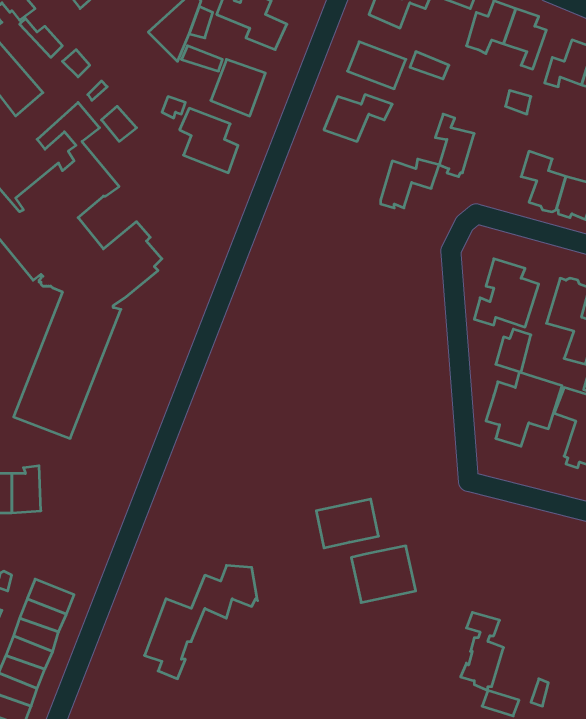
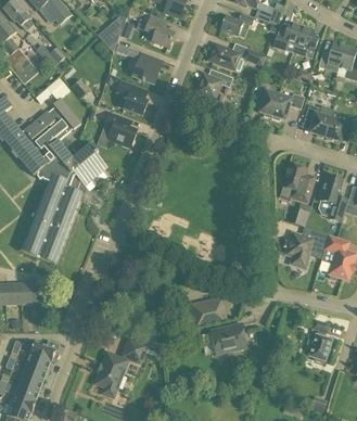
building: [381,159,439,208] -> [271,92,304,119]
building: none -> [102,110,136,146]
building: [461,612,504,691] -> [307,319,331,362]

